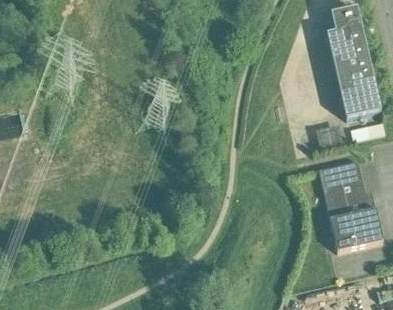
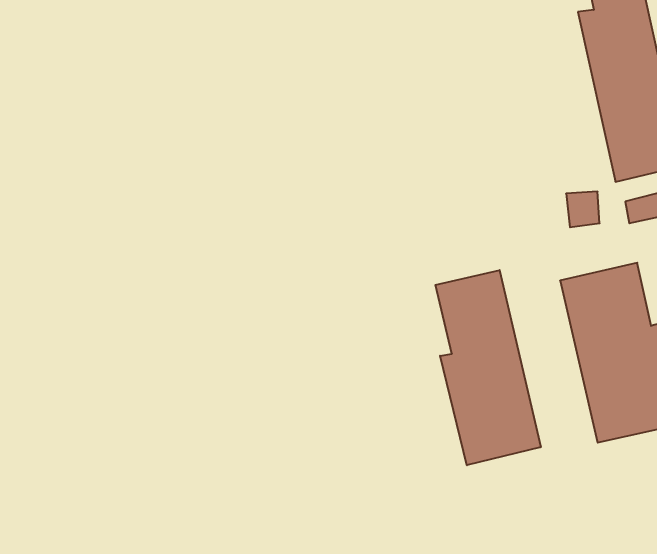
building: none -> [435,270,541,465]

